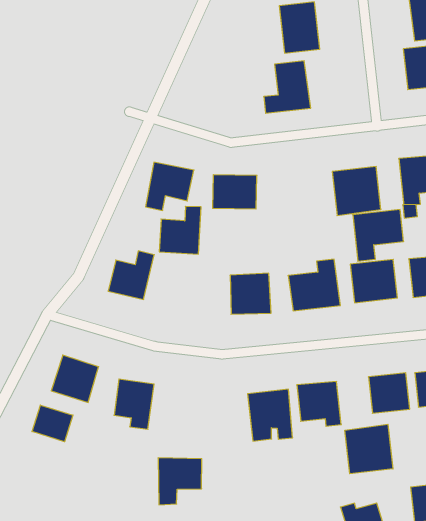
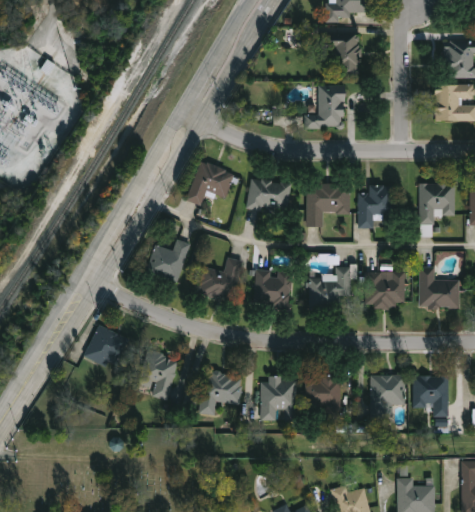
building: [159,206,201,254] -> [199,258,241,302]
building: [353,210,404,261] -> [307,184,350,226]
building: [32,405,73,442] -> none
building: [345,424,393,474] -> none
building: [158,458,202,505] -> [200,372,243,415]

